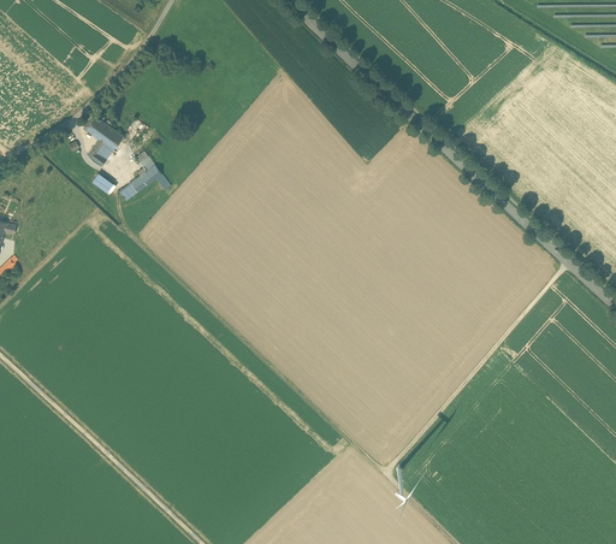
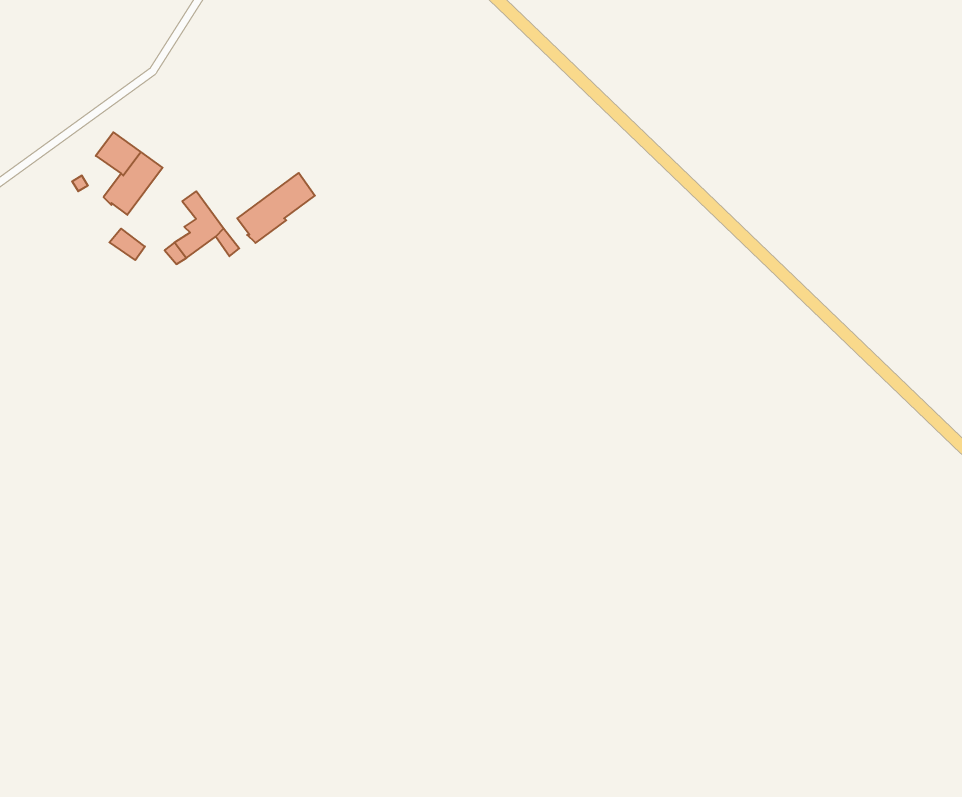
building: none -> [237,173,315,243]

